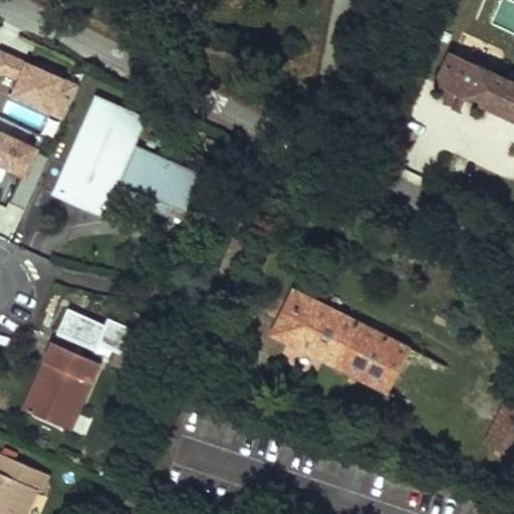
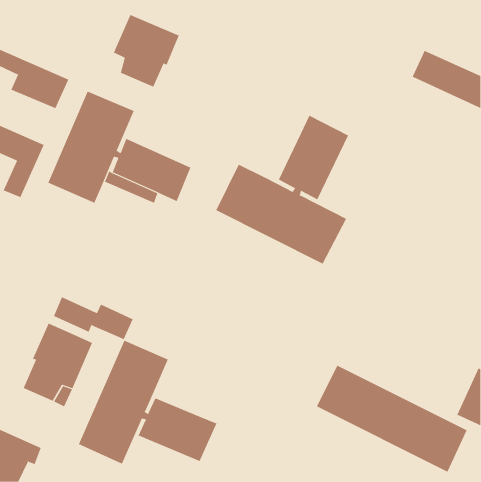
building: none -> [113,14,180,88]
building: none -> [216,115,349,264]
building: [268,290,429,405] -> [316,365,468,473]
building: none -> [78,340,217,464]

